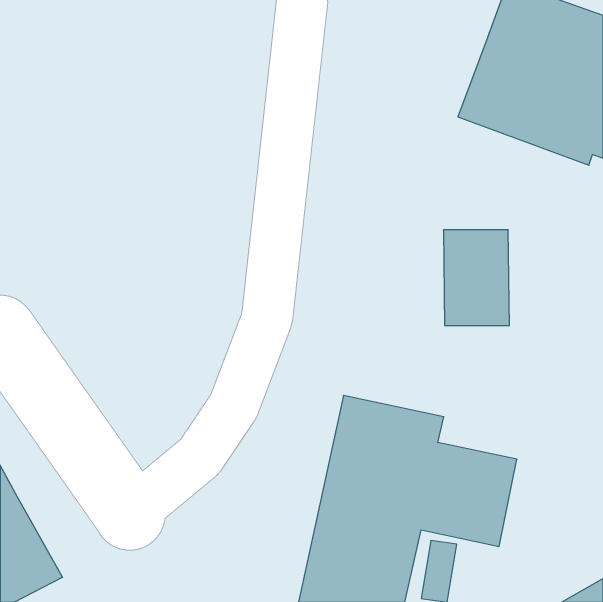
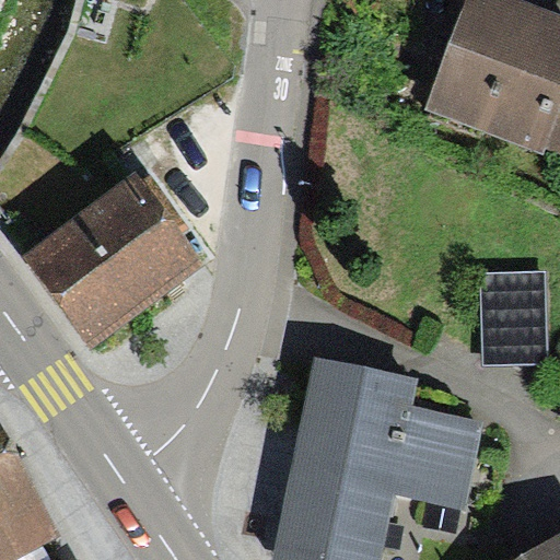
building: none -> [23,173,200,343]
building: [443,230,509,326] -> [485,278,546,366]

